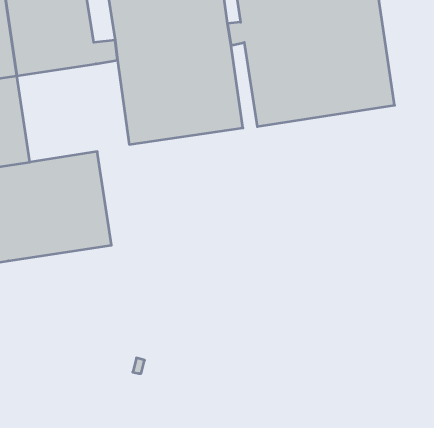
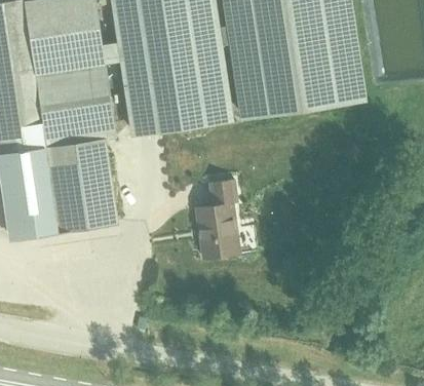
building: none -> [35,63,115,148]
building: none -> [196,180,239,259]

